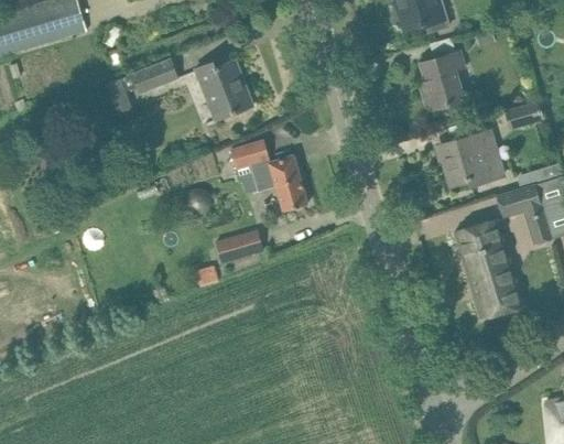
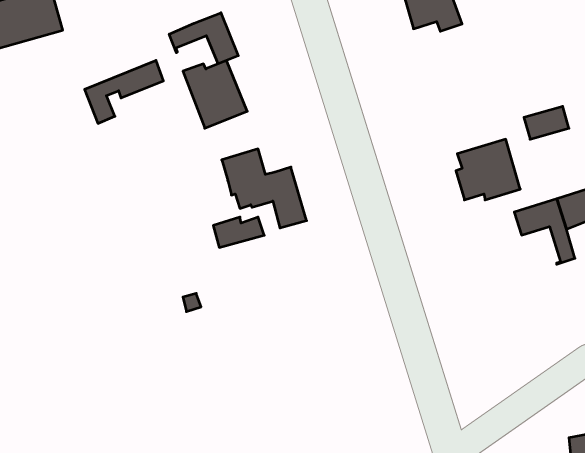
building: none -> [169,13,238,64]
building: [420,51,464,110] -> none
building: [454,218,522,317] -> none
building: [216,234,262,261] -> [213,217,264,247]

